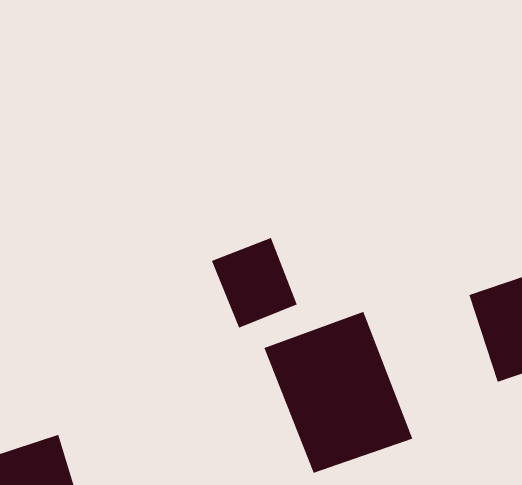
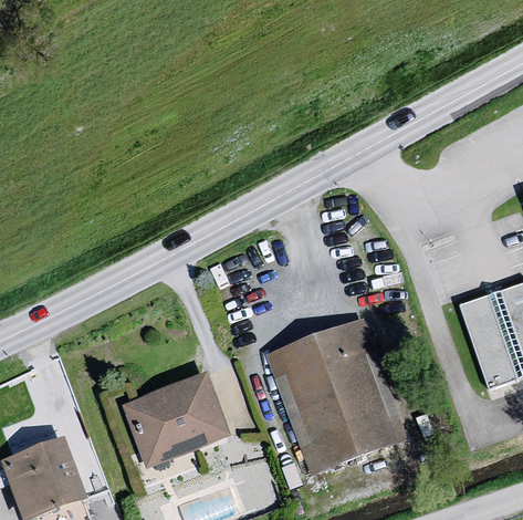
building: [211,237,297,328] -> none
building: none -> [123,373,231,466]

